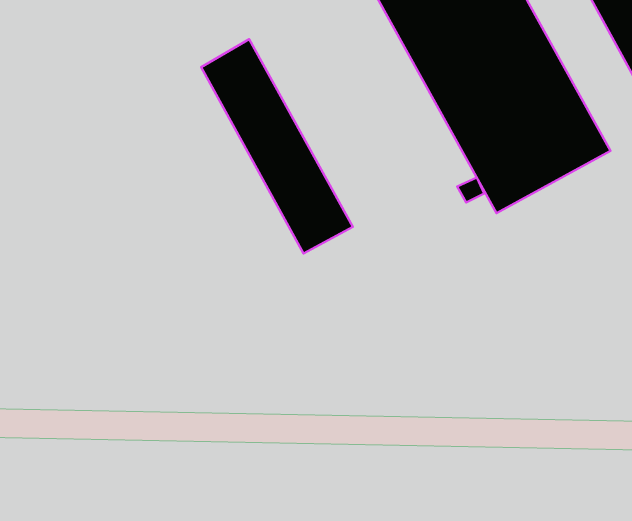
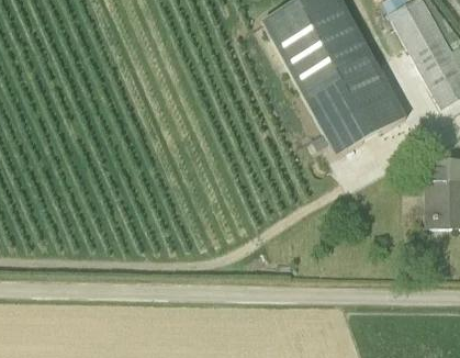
building: [201,39,353,253] -> none

